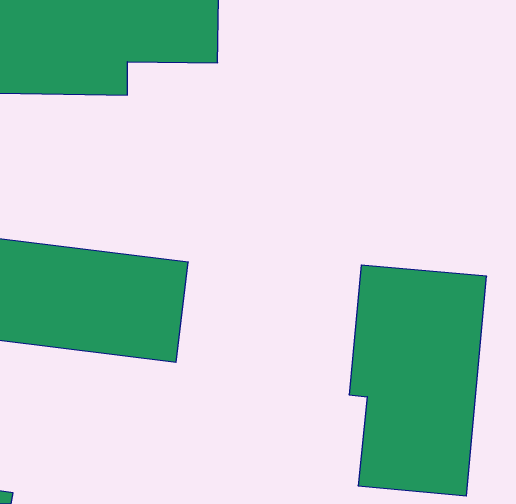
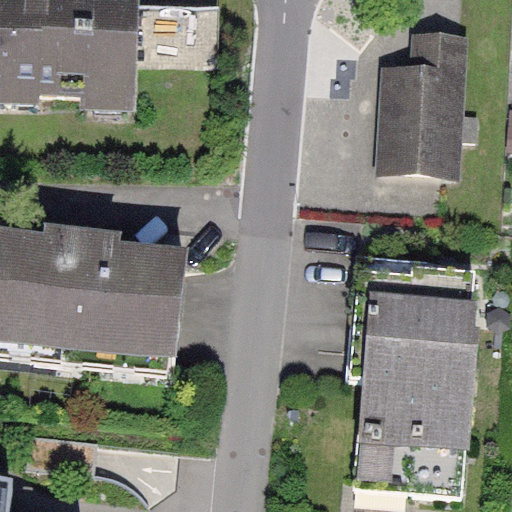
building: none -> [382,39,459,167]

